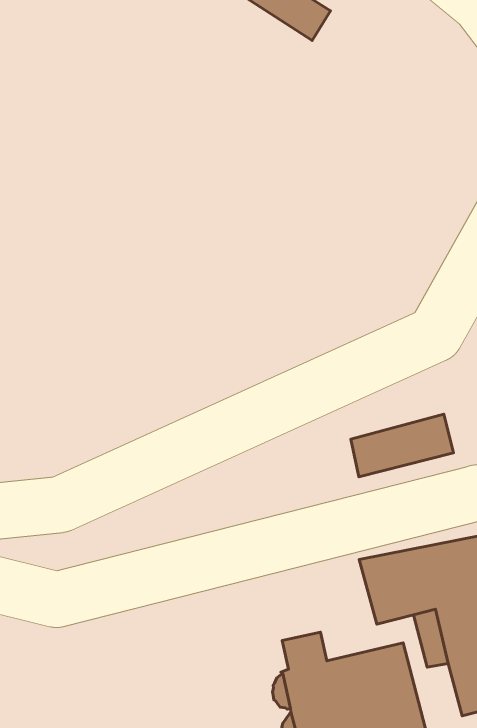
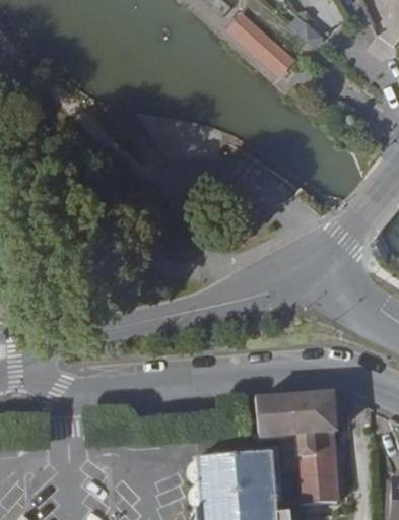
building: [351,414,453,477] -> none

